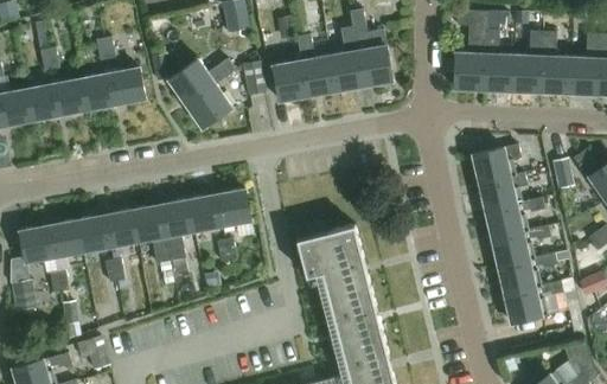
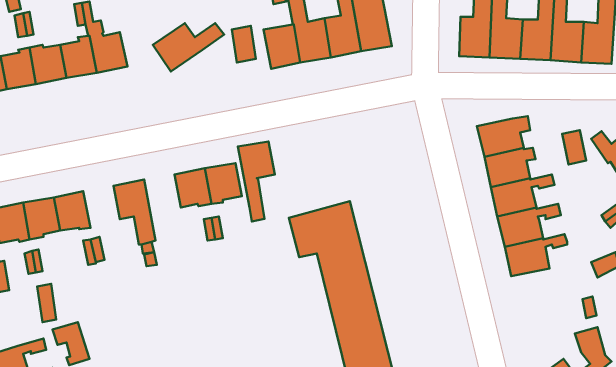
building: [186,83,232,127] -> none
building: [161,199,196,274] -> [238,141,275,222]
building: [104,210,139,249] -> none
building: [504,280,573,322] -> none

